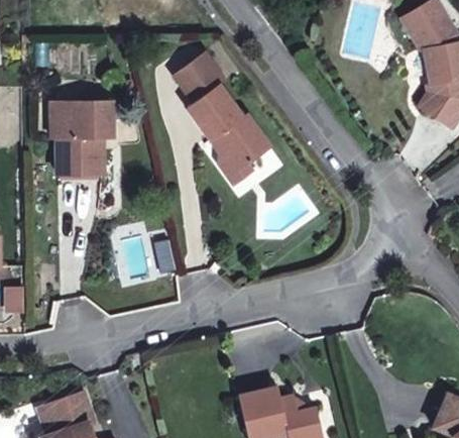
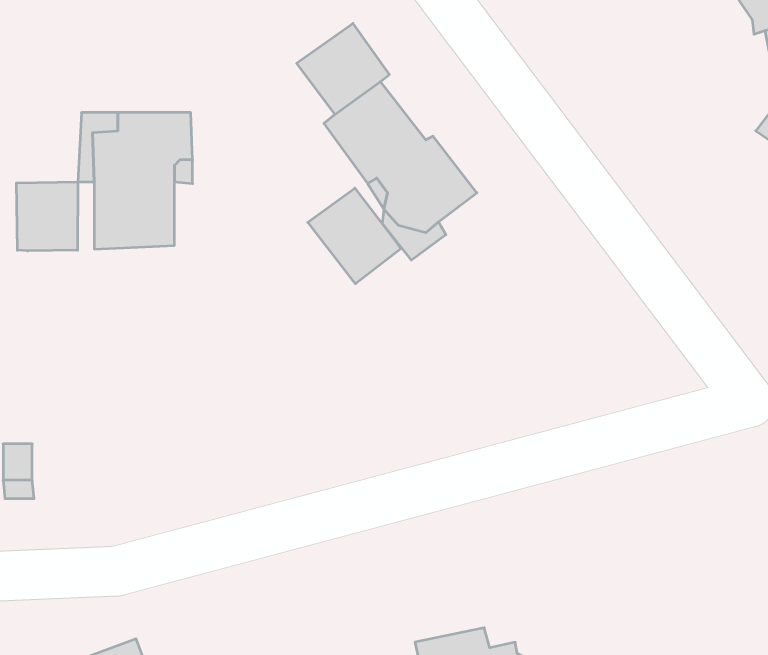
building: none -> [16,182,78,251]
building: none -> [308,188,401,284]

